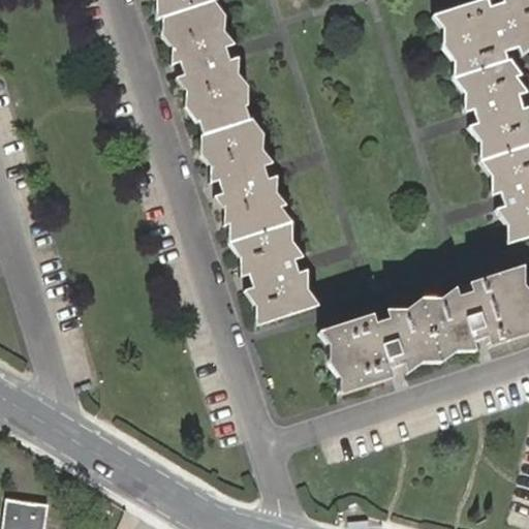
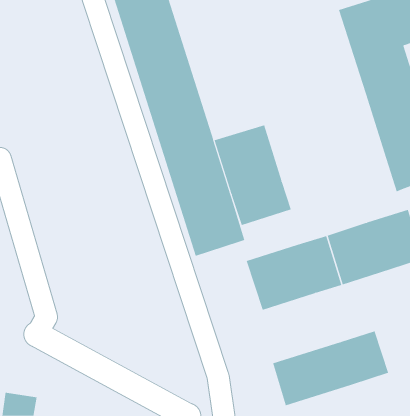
building: none -> [214,124,291,226]
building: none -> [272,330,389,406]

